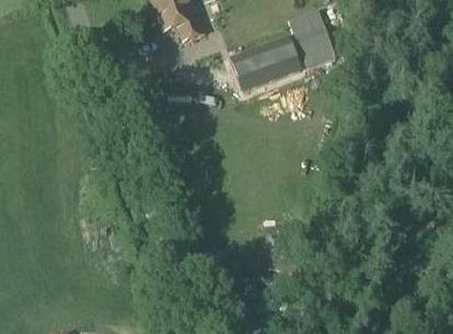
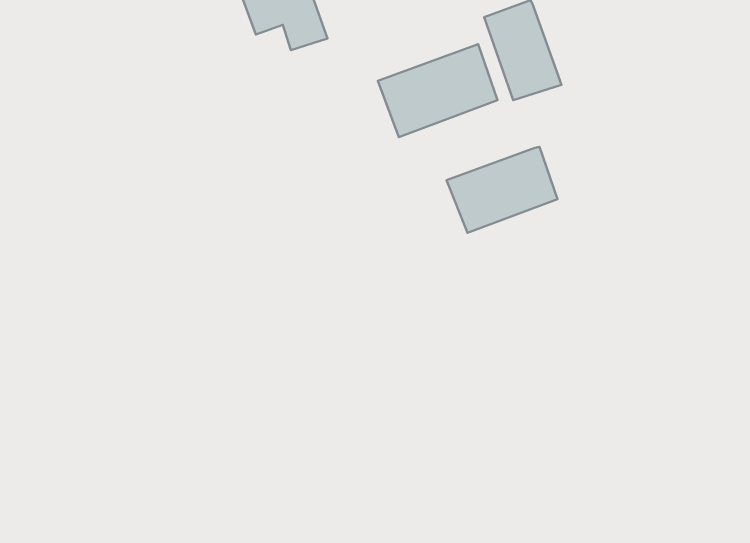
building: none -> [446,147,558,233]

